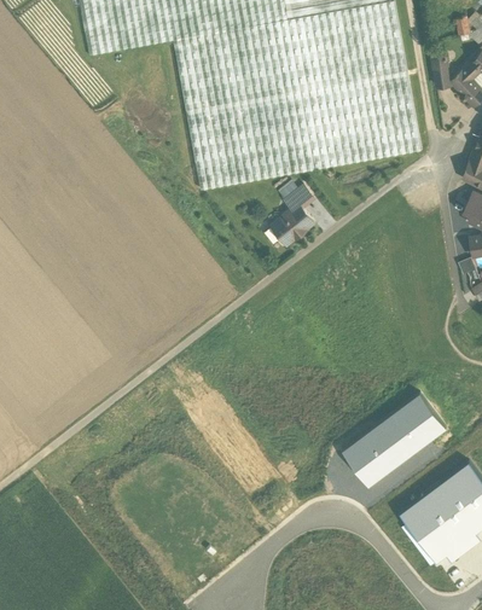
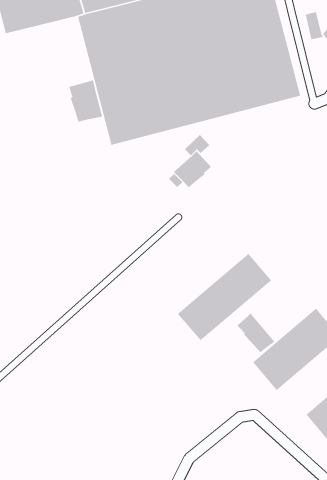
building: none -> [68,79,103,122]
building: none -> [177,253,272,341]
building: none -> [237,313,276,353]

